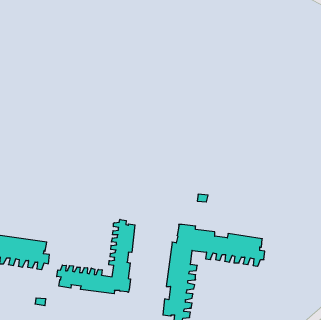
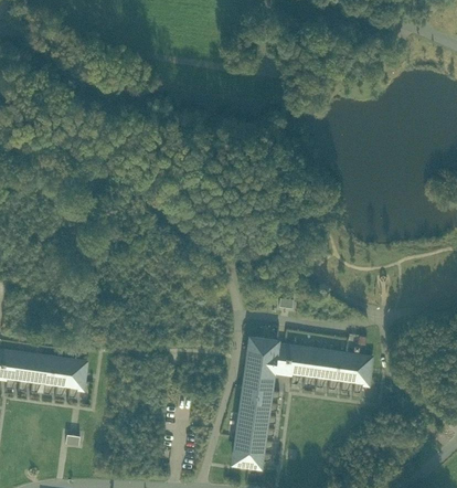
building: [57,219,135,294] -> none

